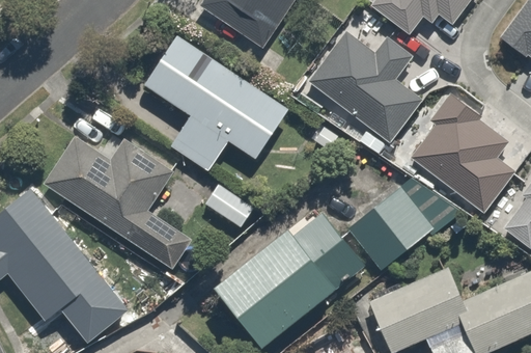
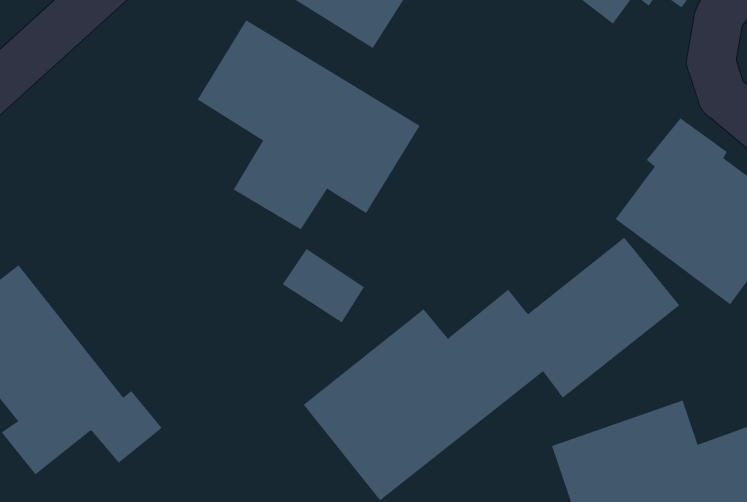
building: [309,32,424,145] -> none
building: [43,137,188,267] -> none

